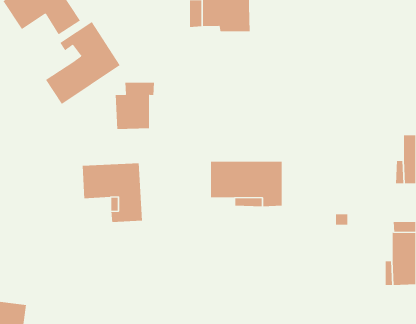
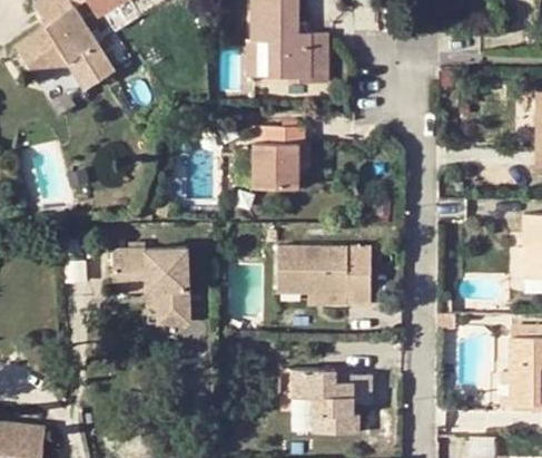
building: [45,21,120,105] -> none
building: [115,82,155,129] -> [254,127,305,187]
building: none -> [290,369,371,433]

